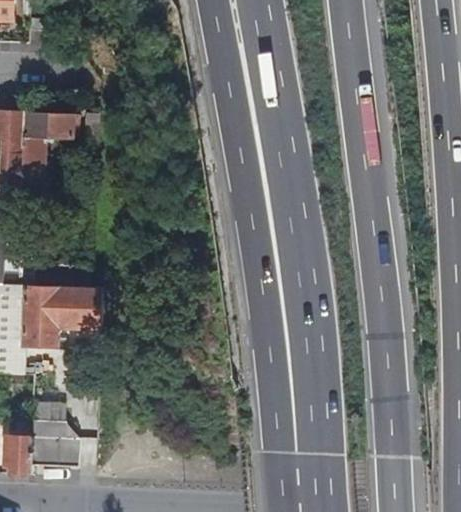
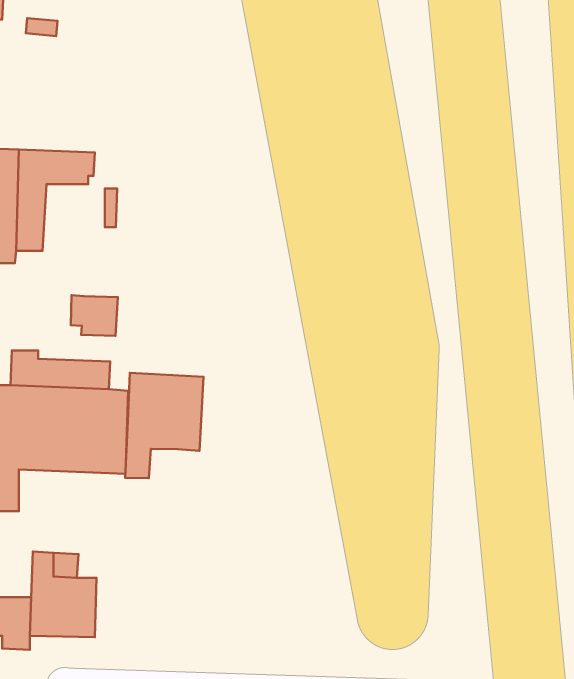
building: none -> [71,295,118,336]
building: none -> [125,373,203,478]

